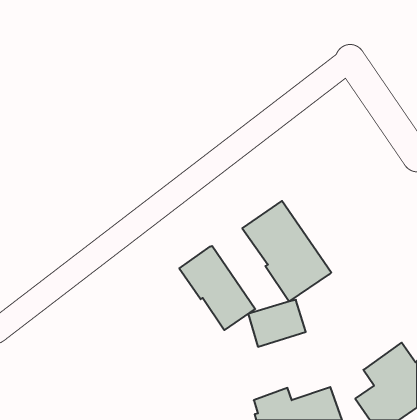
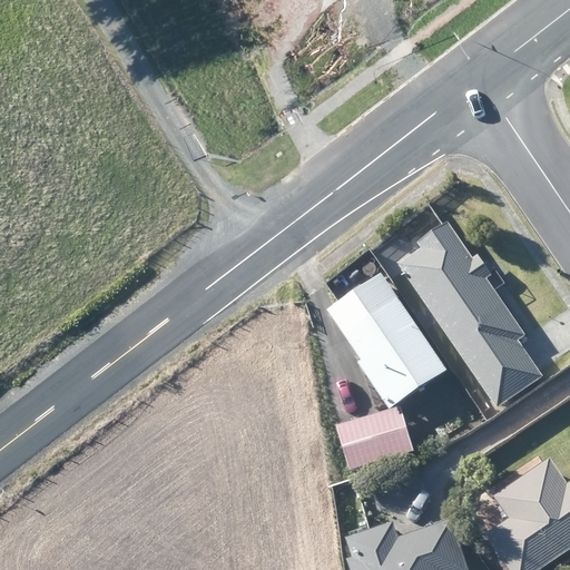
building: none -> [397,222,541,404]
building: [179,246,255,330] -> none

